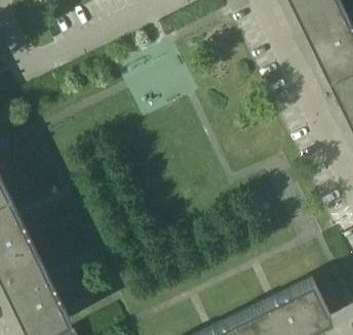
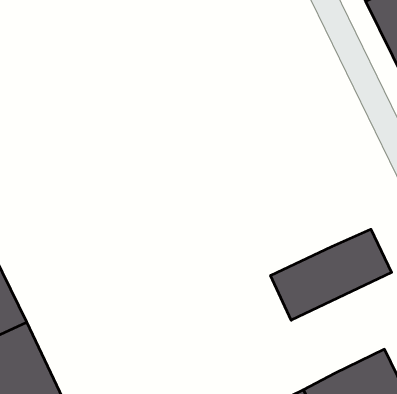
building: none -> [271,229,392,320]

